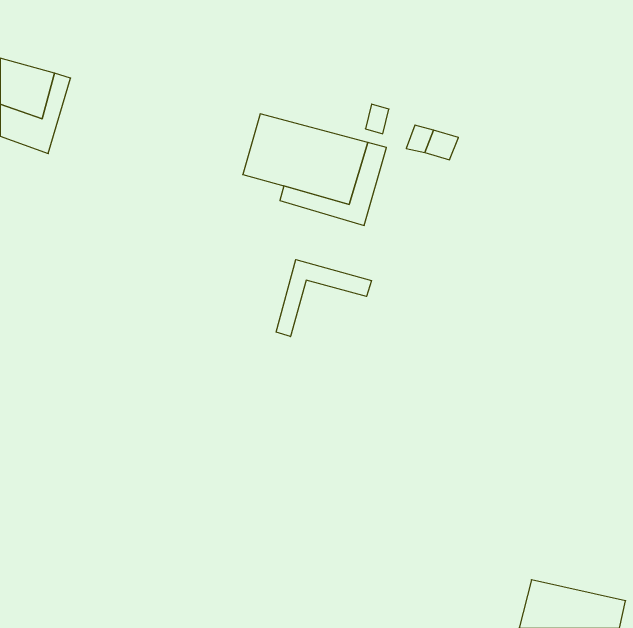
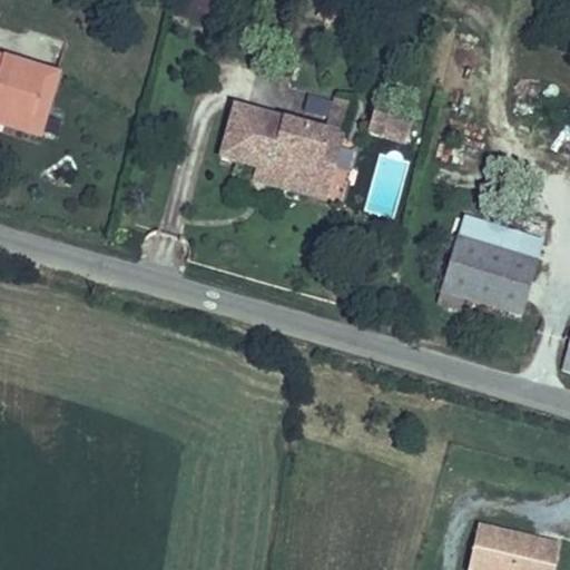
building: none -> [438,213,546,316]
building: [276,260,371,337] -> none

